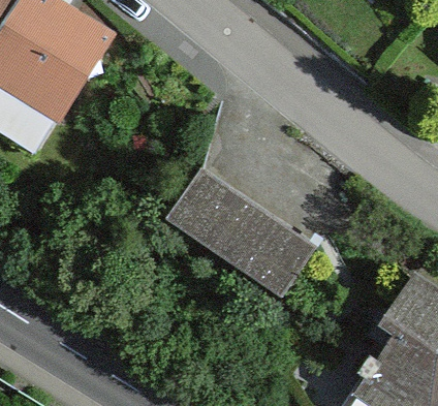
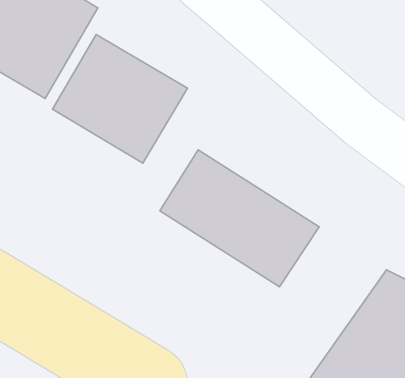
building: none -> [53,35,187,163]

